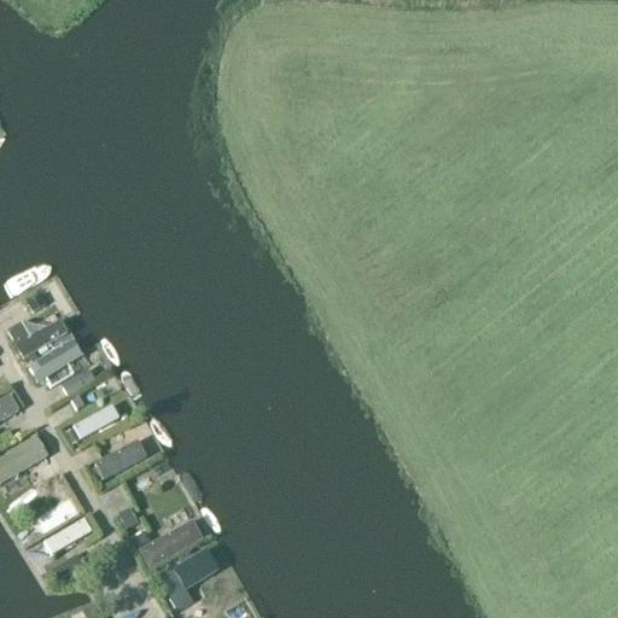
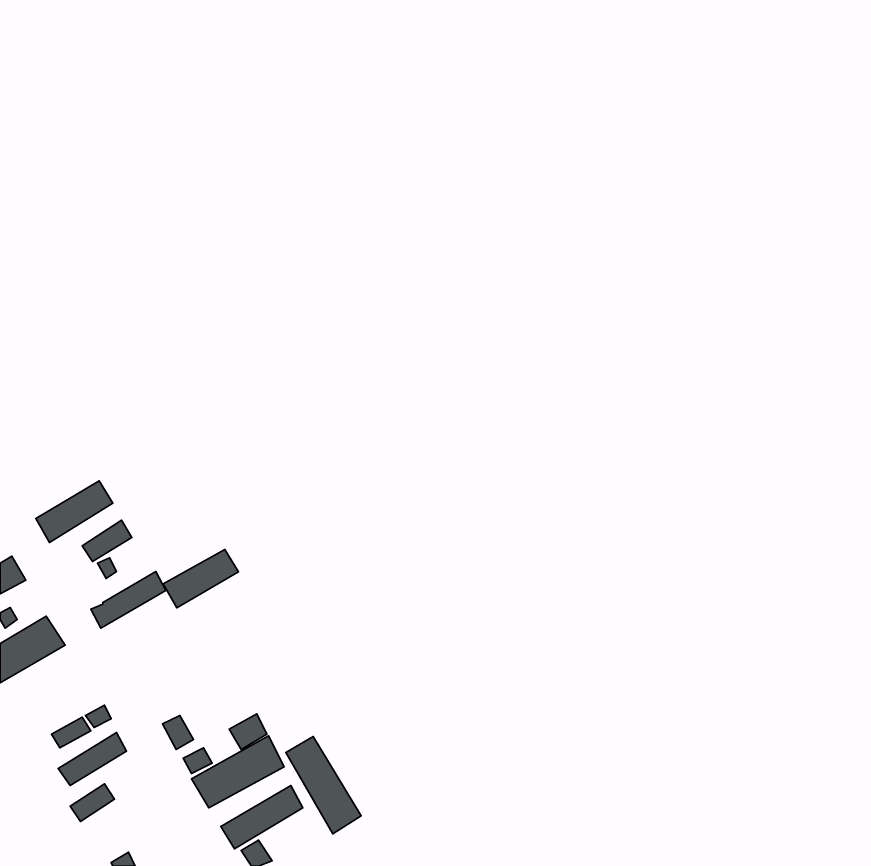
building: [7,319,68,358] -> none
building: [94,437,147,478] -> [163,550,239,608]
building: none -> [286,737,361,834]

